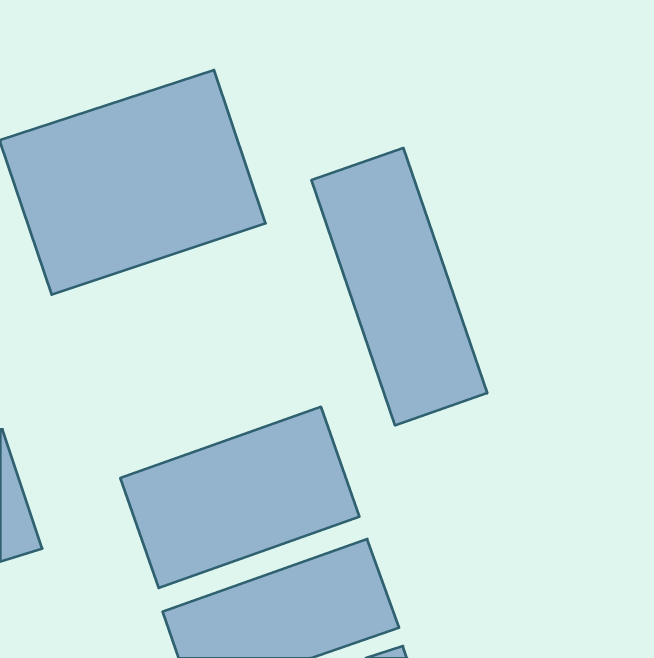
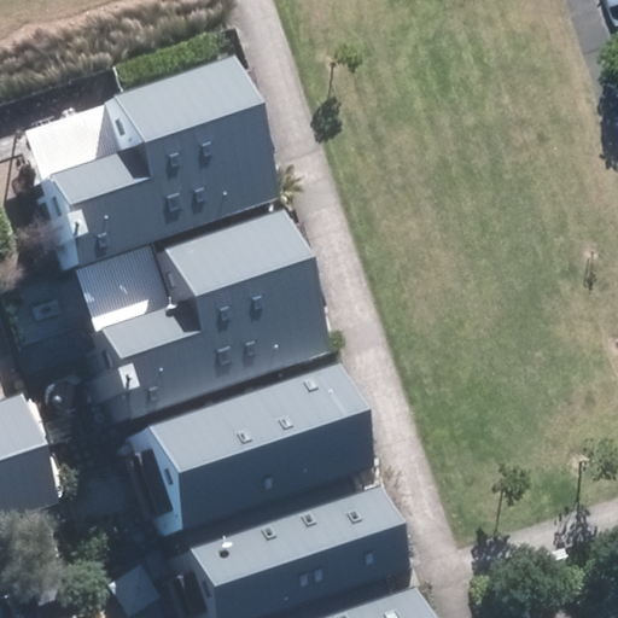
building: [312,148,487,425] -> none
building: none -> [83,214,313,422]

